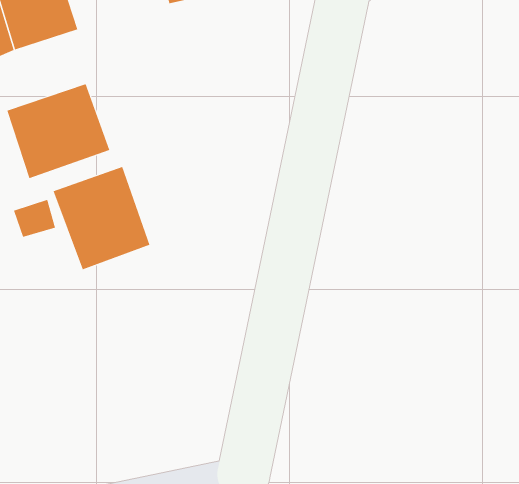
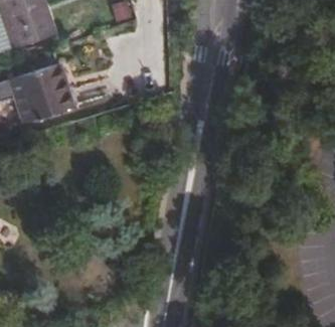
building: [53,166,150,270] -> none

